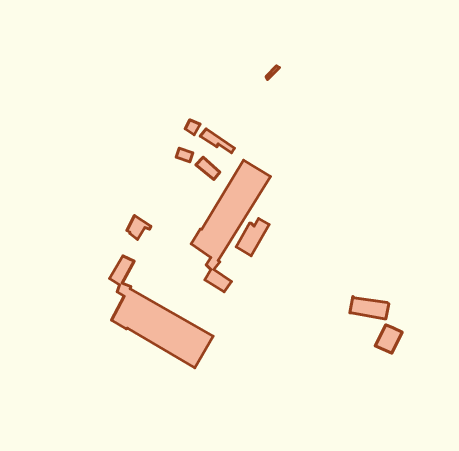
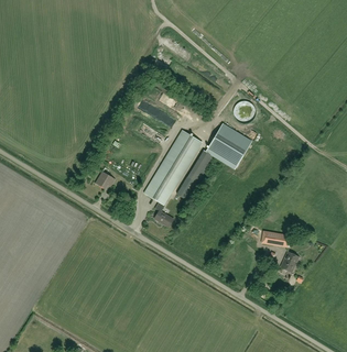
building: none -> [206,123,251,168]
building: [110,256,213,368] -> none

